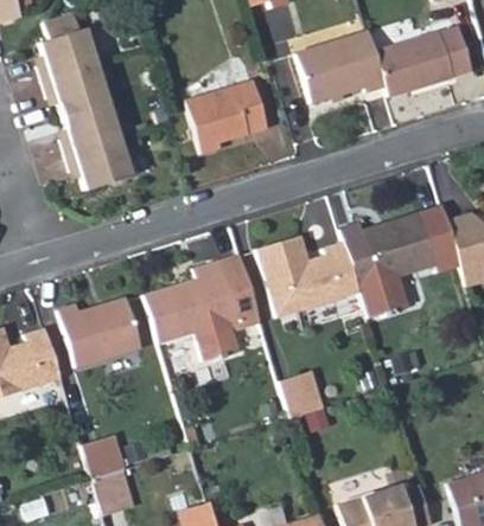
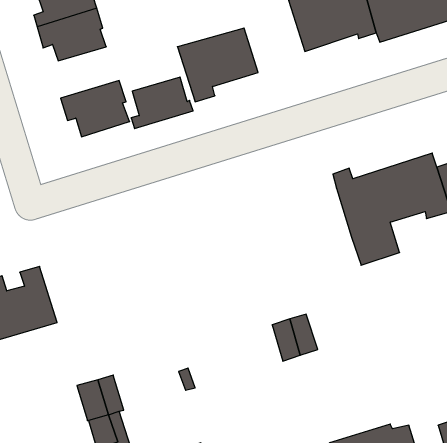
building: [61,100,123,152] -> [131,77,193,129]
building: [257,233,359,317] -> none
building: [144,255,260,361] -> none
building: [59,297,142,365] -> none

